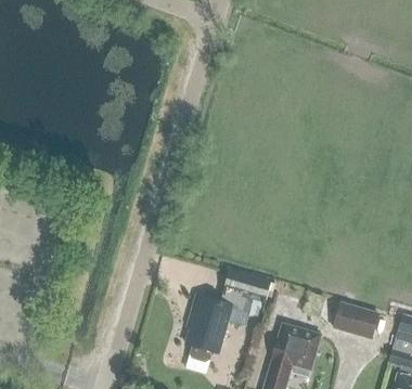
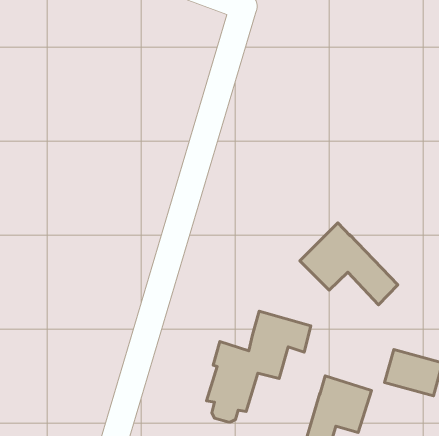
building: none -> [300,223,398,305]

